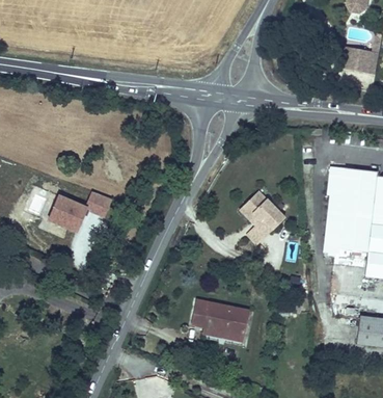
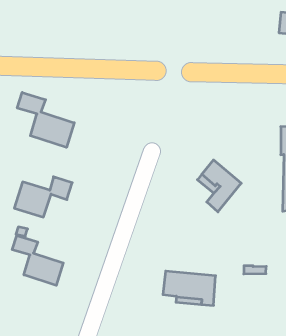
building: none -> [17,92,74,147]
building: none -> [12,235,63,285]

